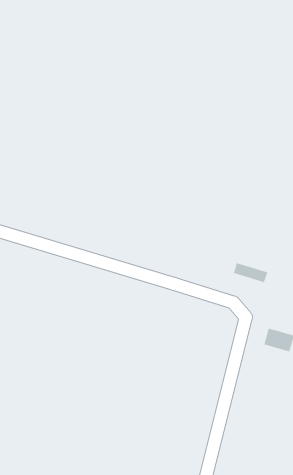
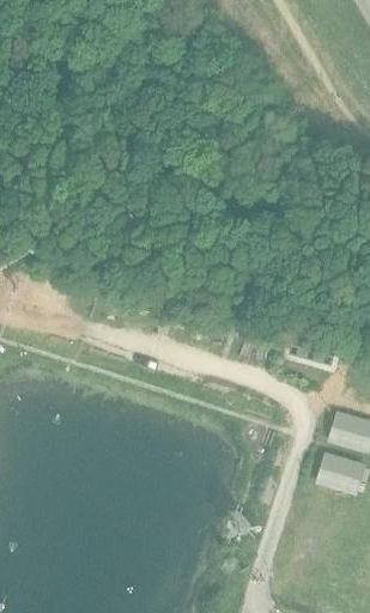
building: none -> [320,457,358,487]

